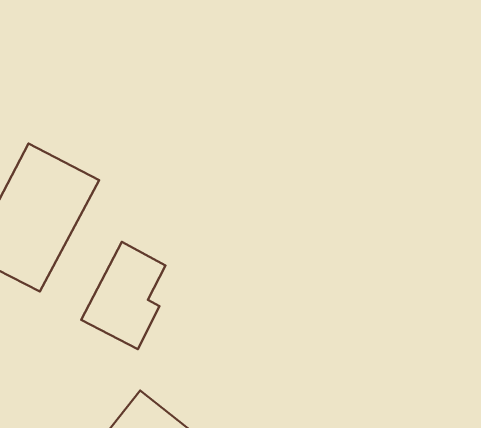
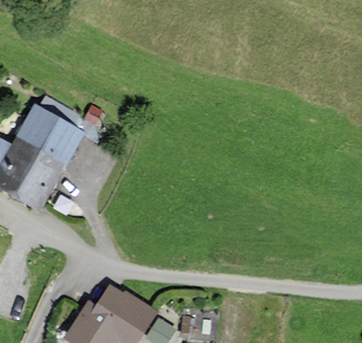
building: [81,242,166,349] -> none

